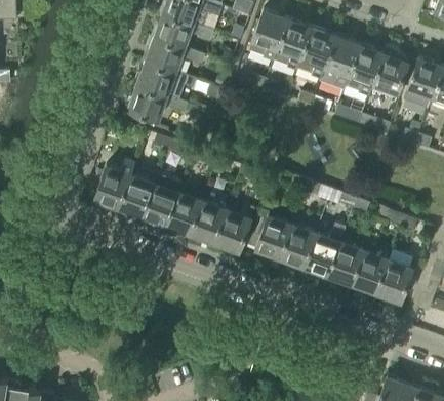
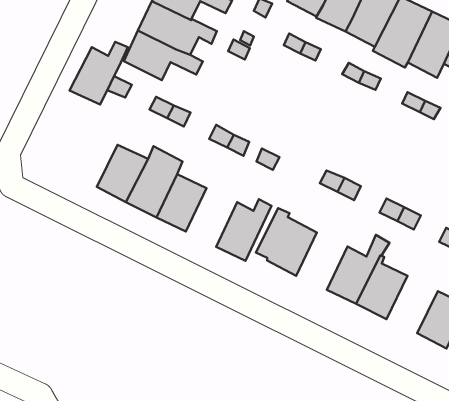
building: [93,159,134,208] -> [70,42,128,105]
building: [190,200,227,244] -> none
building: [278,225,315,268] -> none
building: [351,250,388,293] -> none

